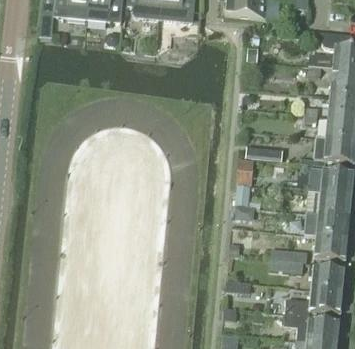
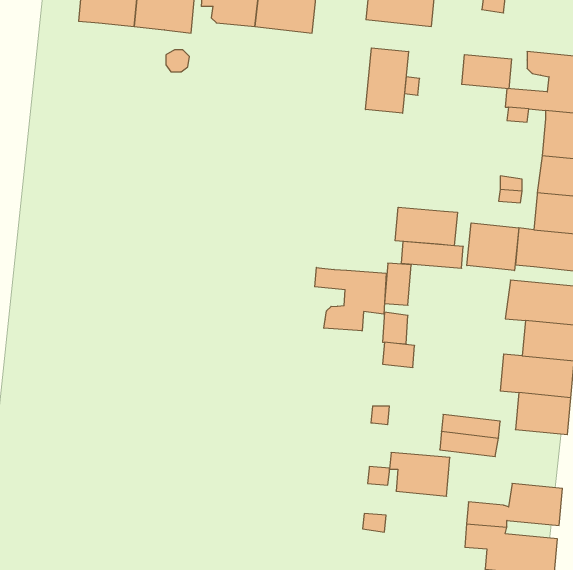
building: none -> [366,48,409,113]
building: none -> [462,55,512,89]
building: none -> [395,207,457,246]
building: none -> [467,223,519,271]
building: none -> [315,267,386,331]
building: [308,266,344,292] -> [389,453,450,496]

